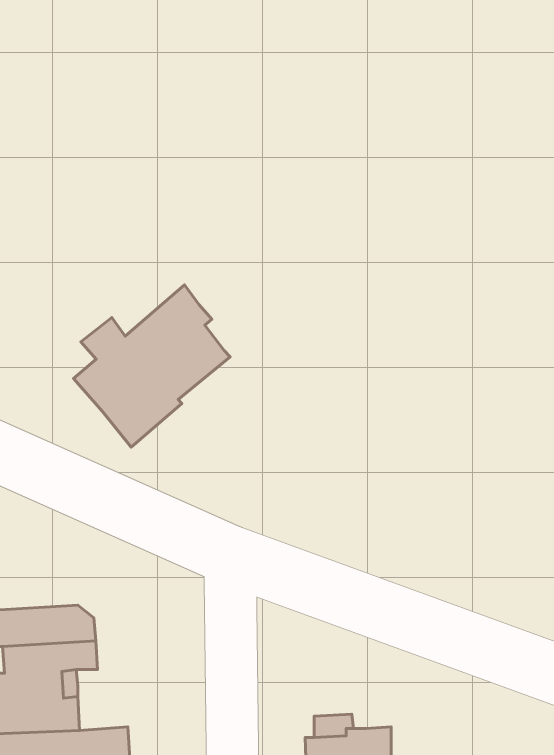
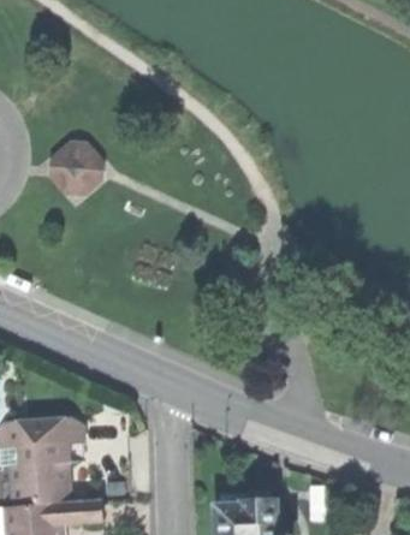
building: none -> [48,141,101,196]
building: [73,285,230,447] -> none

